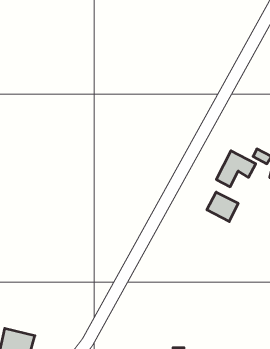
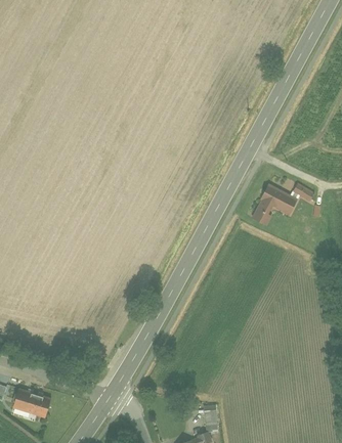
building: [207,192,238,222] -> none

